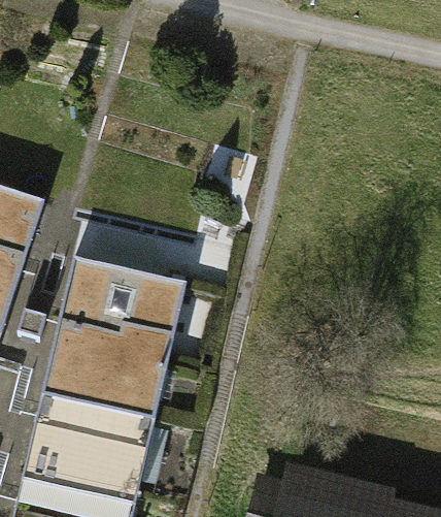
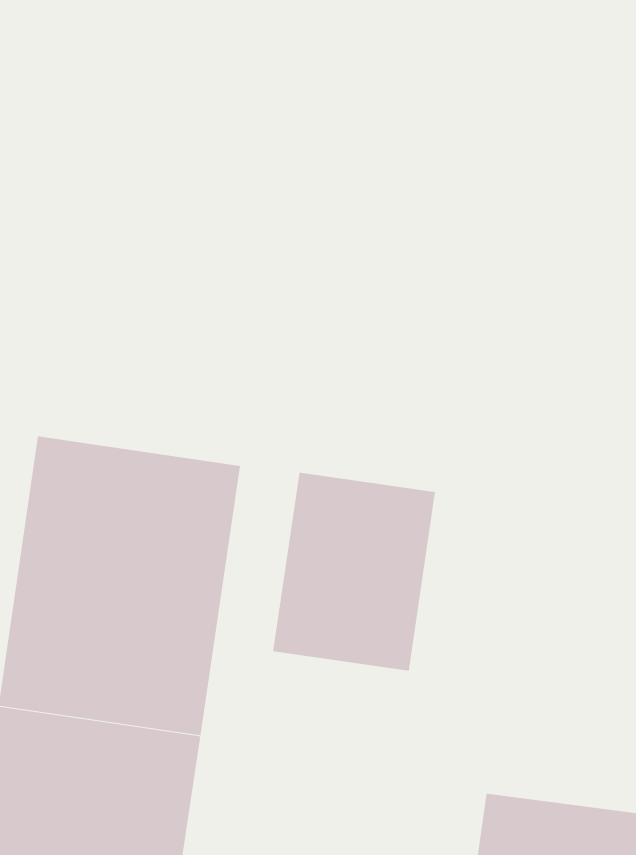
building: none -> [273,472,435,671]

